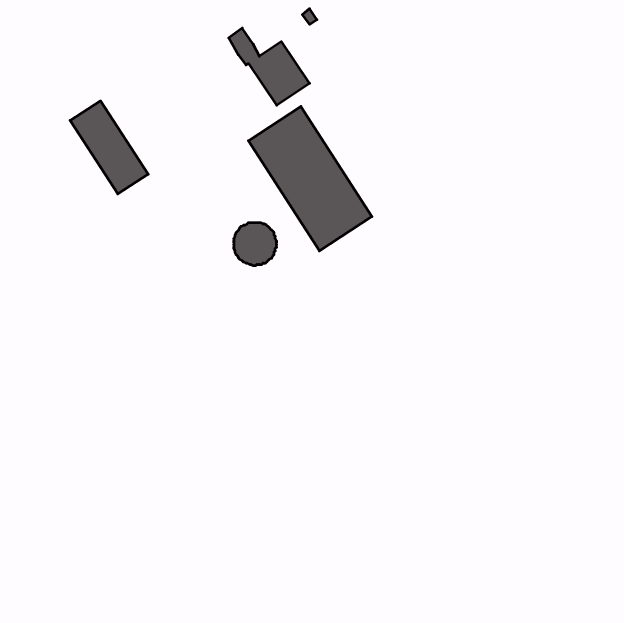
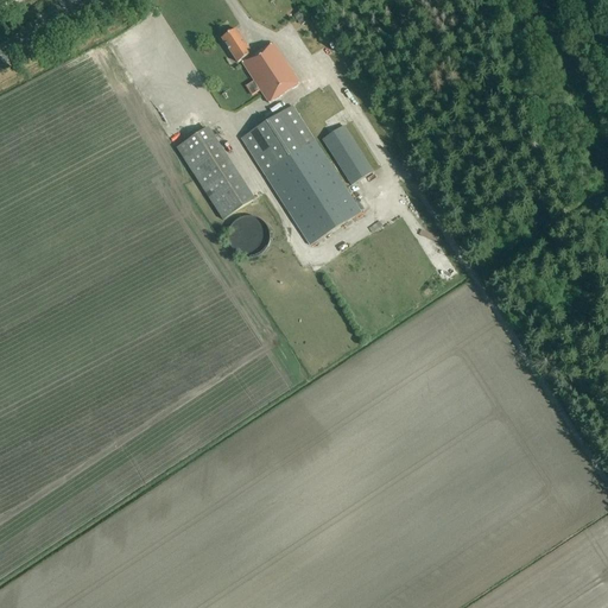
building: [70,101,148,194] -> [176,128,252,218]
building: none -> [322,124,373,184]

